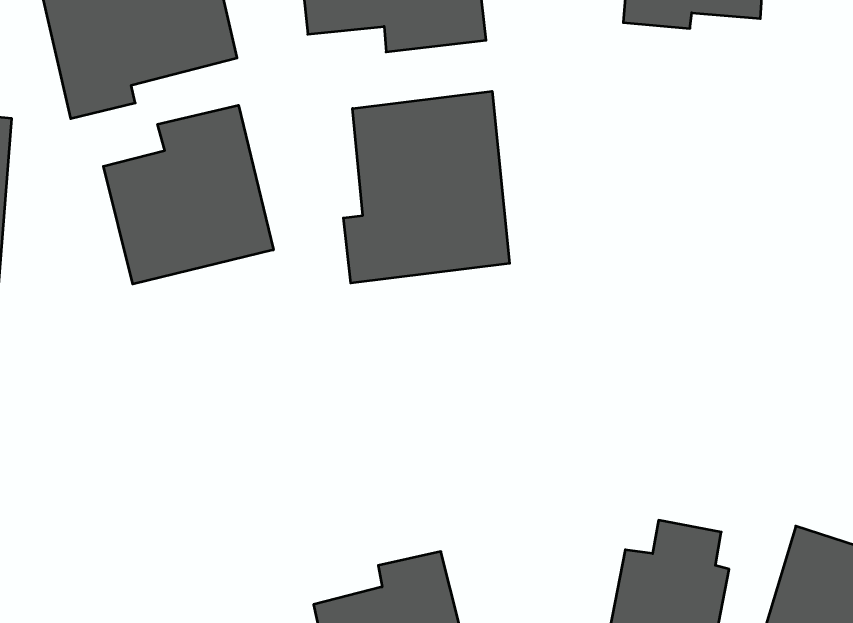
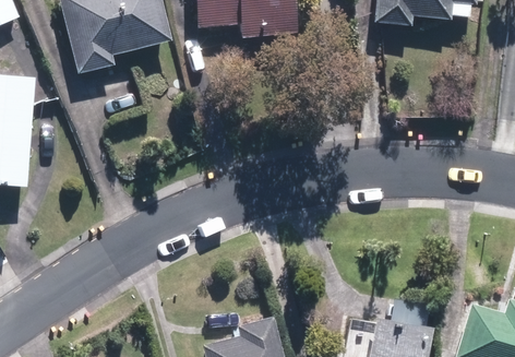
building: [343,91,510,283] -> none
building: [103,105,273,284] -> none

